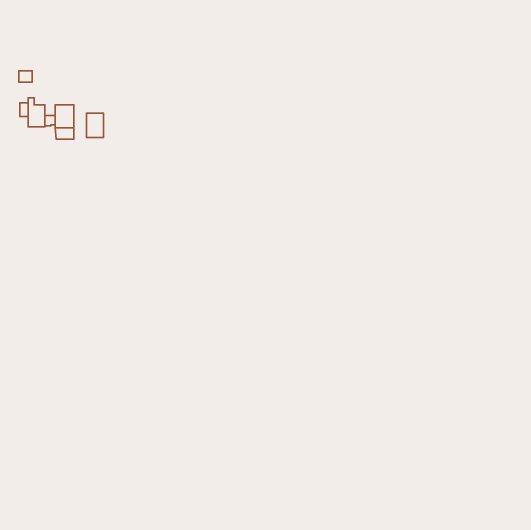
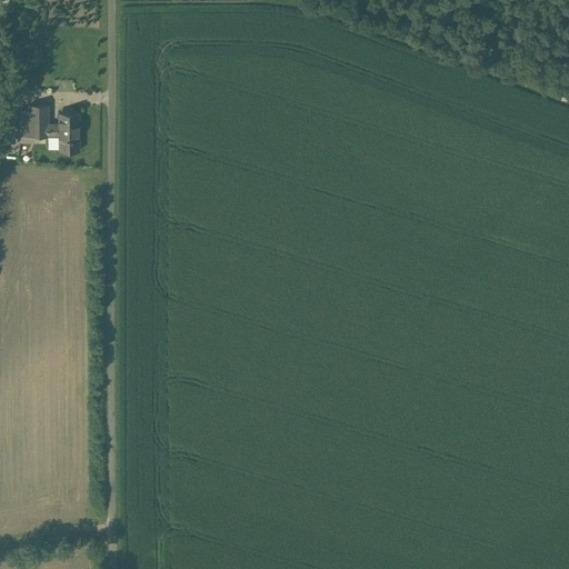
building: [87,113,104,138] -> none

